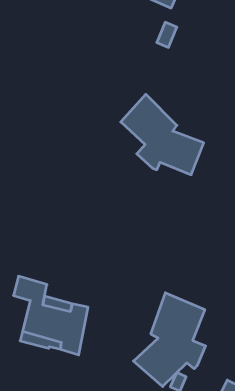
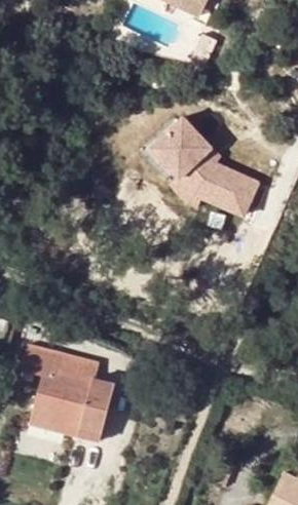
building: [133,293,206,387] -> none

